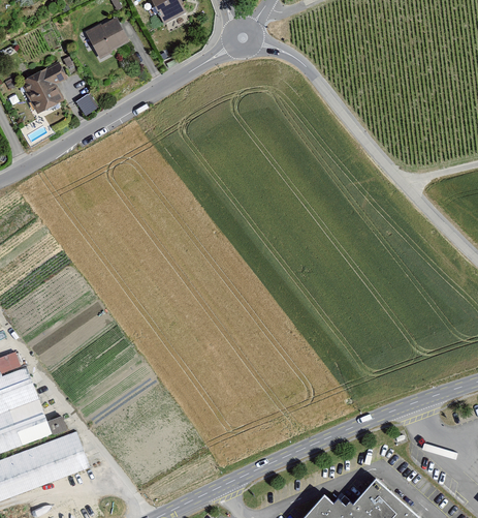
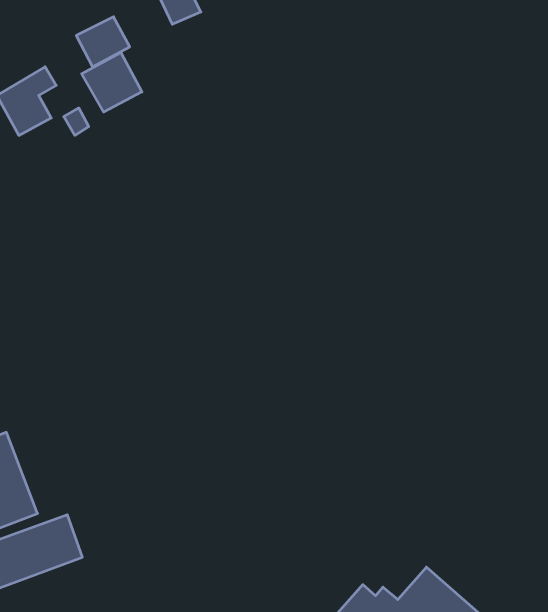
building: none -> [82,52,142,112]

